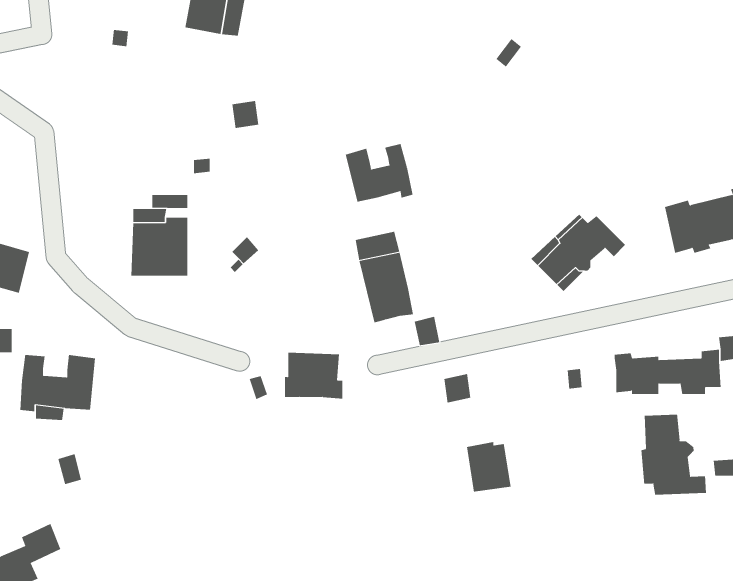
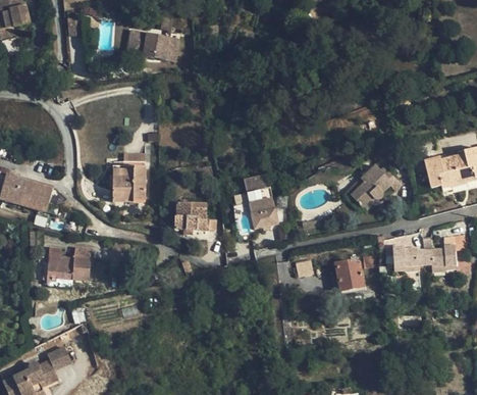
building: [345,143,413,203] -> none
building: [284,352,343,399] -> [173,202,208,230]
building: [641,414,706,496] -> none
building: [466,442,511,492] -> [336,259,363,289]

